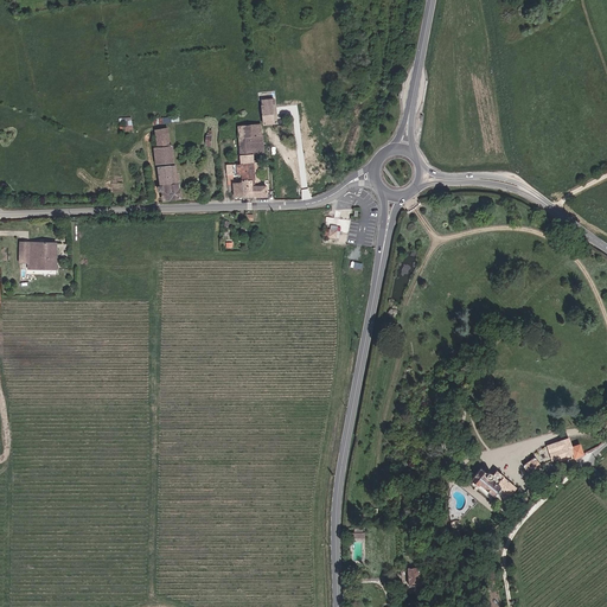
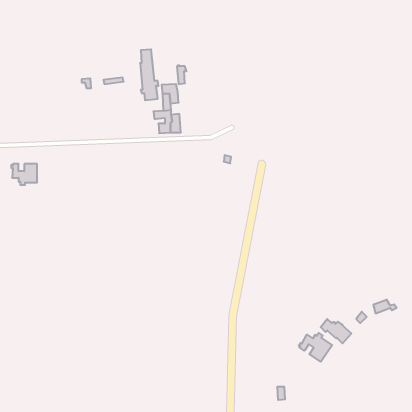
building: [154,126,181,200] -> [140,49,159,100]
building: none -> [299,333,332,362]

